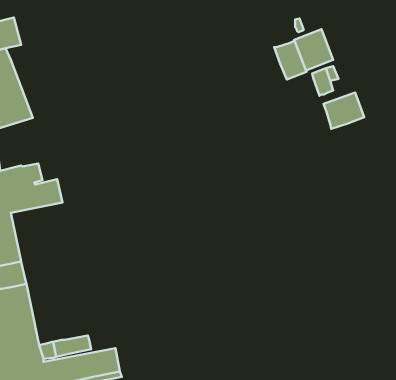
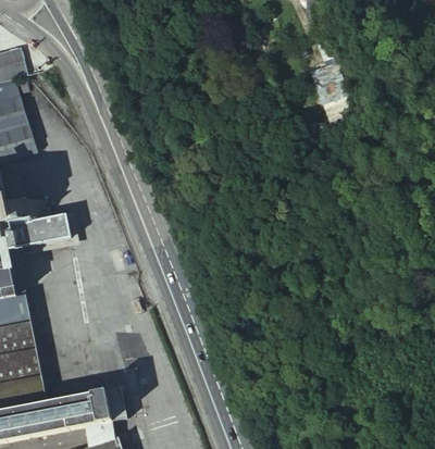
building: [274,41,306,80] -> none
building: [323,93,364,129] -> none

